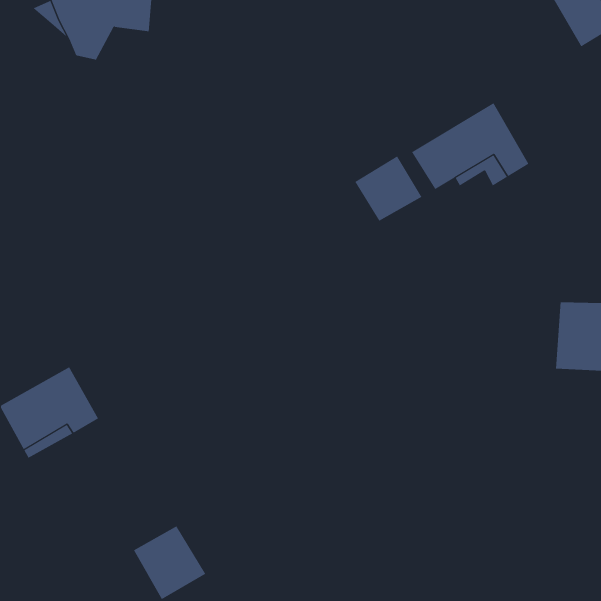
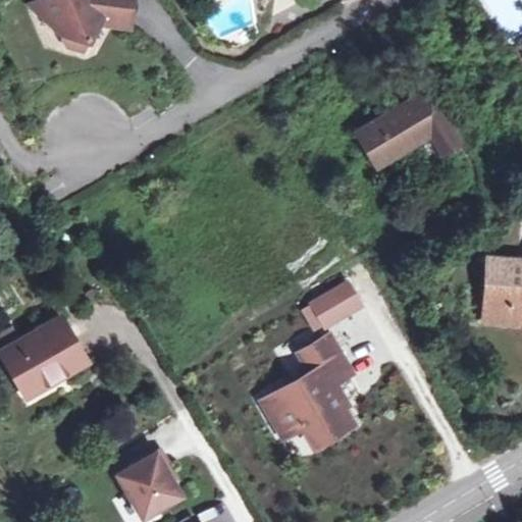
building: [355,156,422,221] -> none
building: none -> [308,278,366,329]
building: none -> [265,335,353,442]

